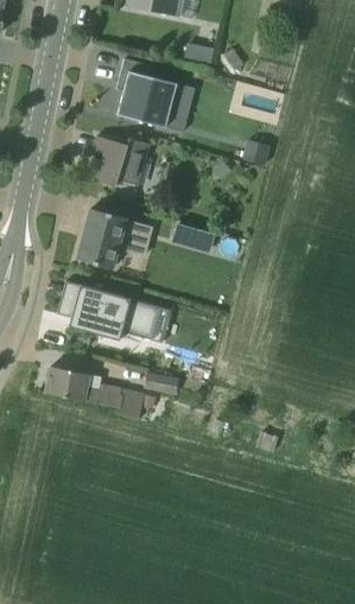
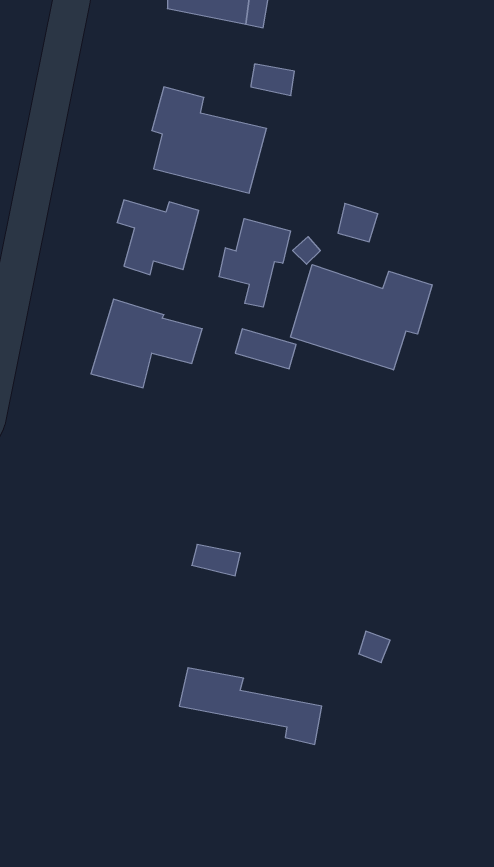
building: none -> [219,219,291,307]
building: none -> [290,265,432,370]
building: [57,279,164,341] -> none
building: [45,367,142,419] -> [179,668,322,744]

